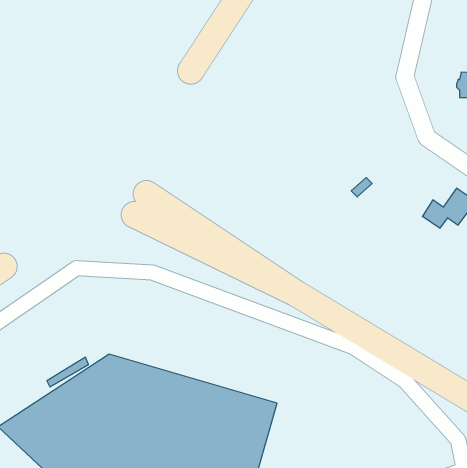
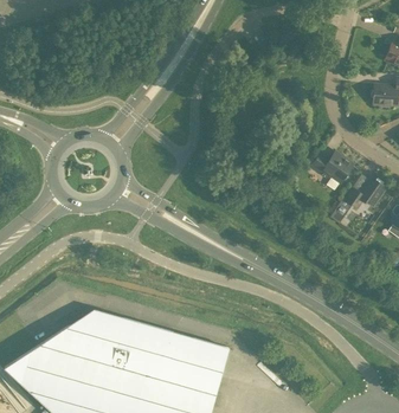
building: none -> [313,153,354,183]

